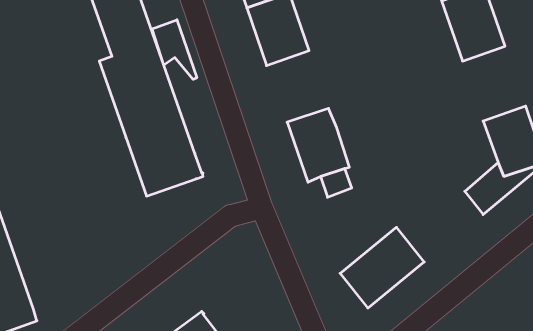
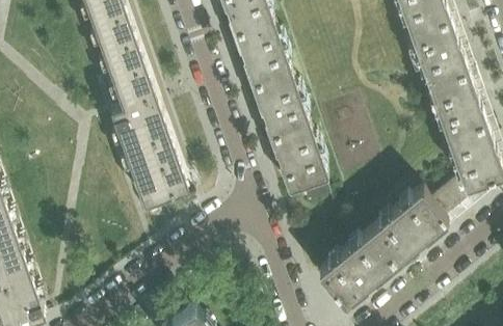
building: [152,20,197,79] -> none
building: none -> [427,67,484,135]
building: none -> [250,72,307,136]
building: none -> [368,188,446,262]

